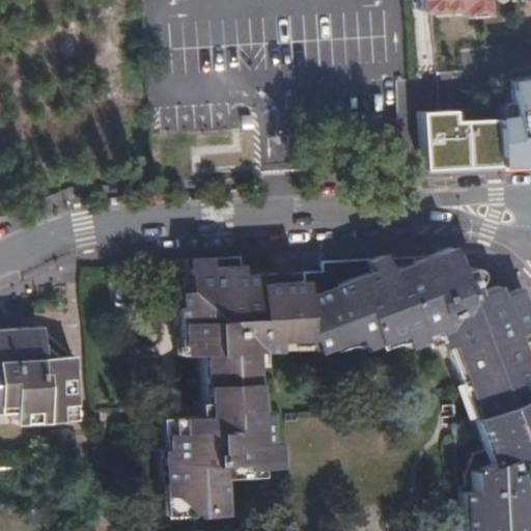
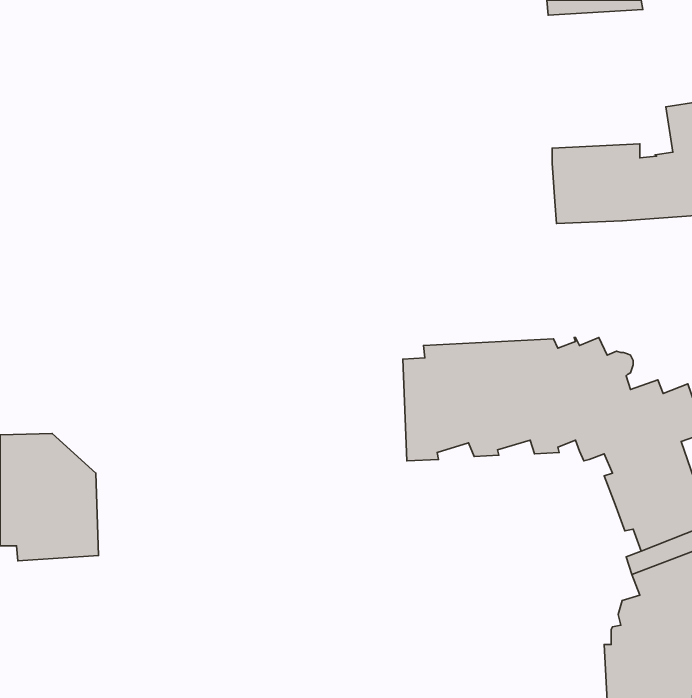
building: [167,258,314,518] -> none

